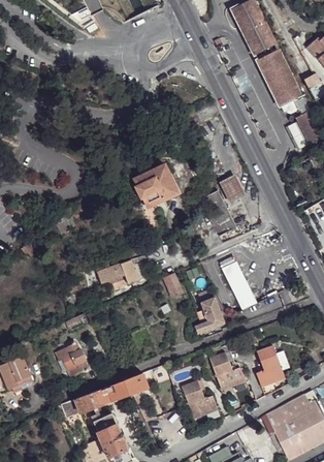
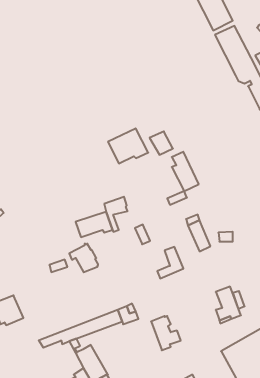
building: [219,176,246,203] -> [150,131,173,155]
building: [55,342,88,375] -> [69,244,98,272]
building: [209,352,244,392] -> none

